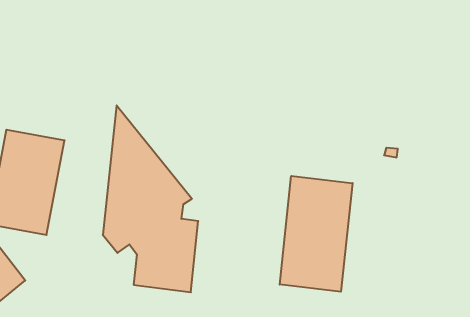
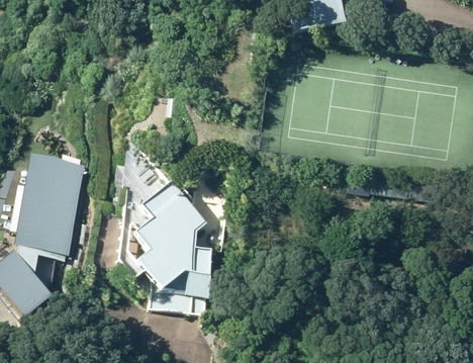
building: [280,176,353,292] -> none

